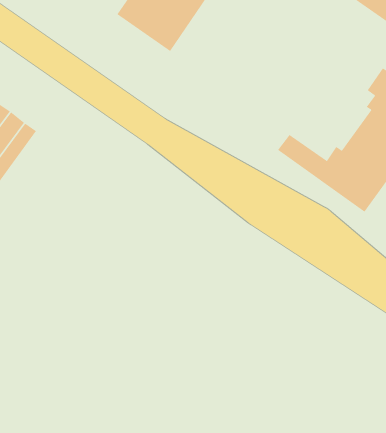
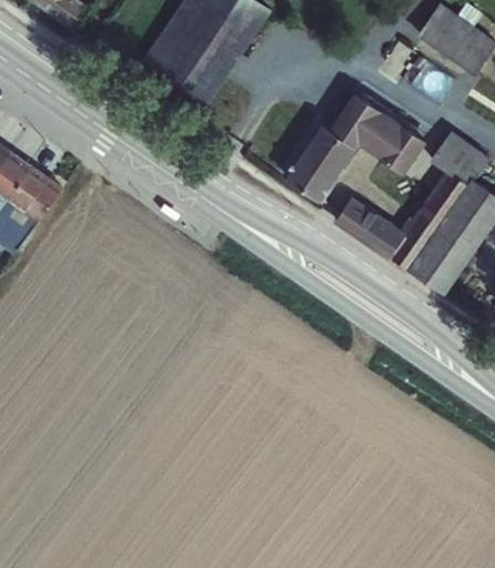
building: none -> [284,93,427,200]

